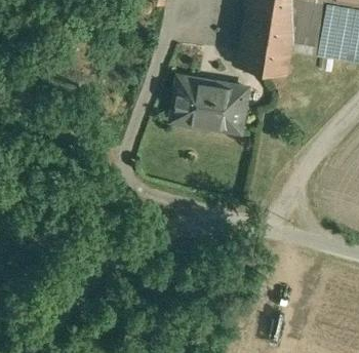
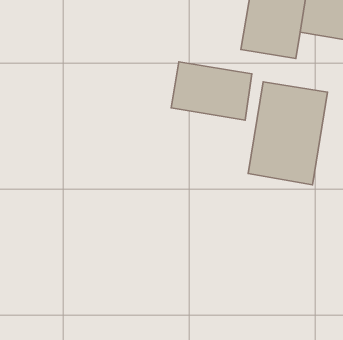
building: none -> [248,82,328,185]

